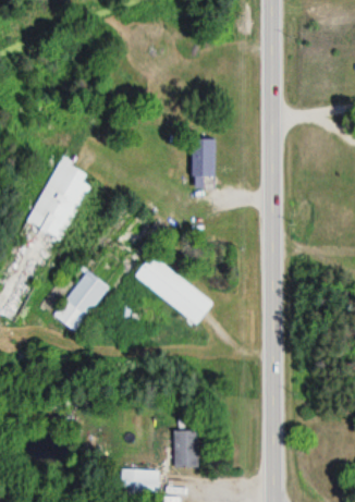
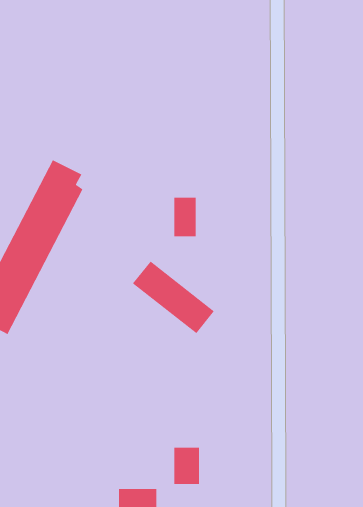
building: [193,138,215,176] -> [174,197,197,237]
building: [53,271,109,332] -> none

